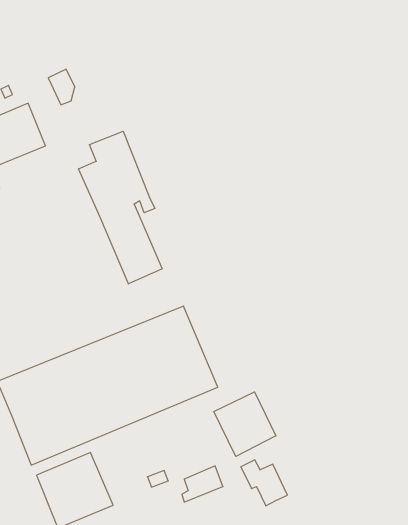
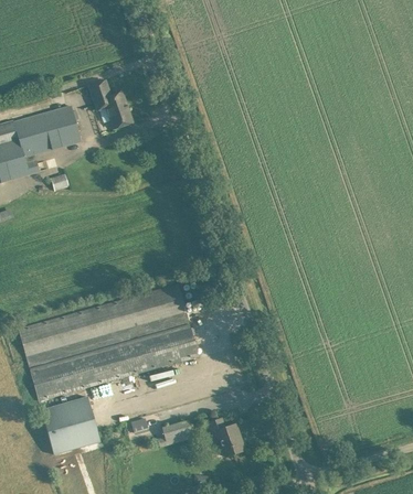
building: none -> [107,90,134,127]
building: [79,131,162,284] -> none
building: [214,392,276,456] -> none

